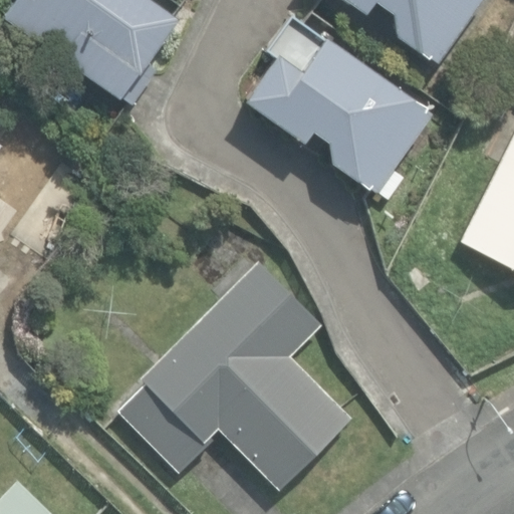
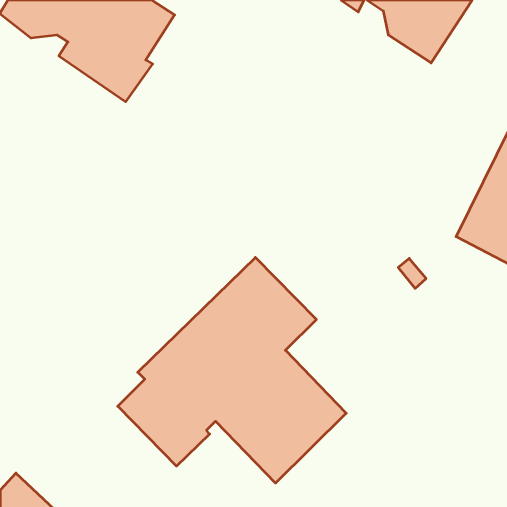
building: [246,17,431,193] -> none

